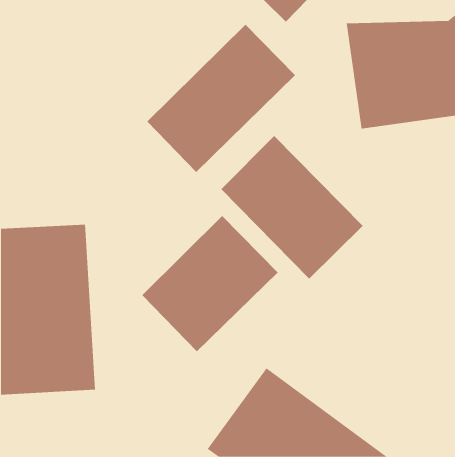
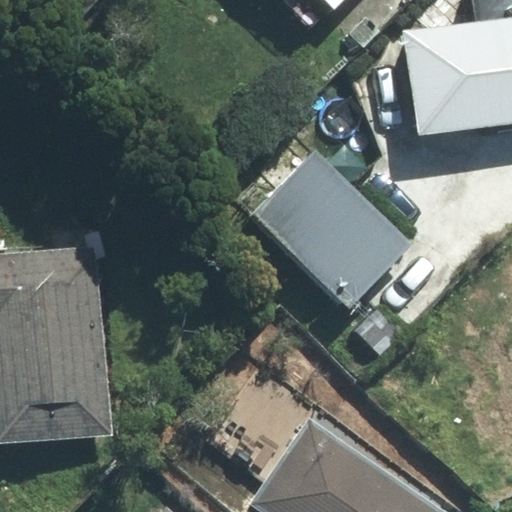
building: [147,24,296,173] -> none
building: [141,215,279,352] -> none

